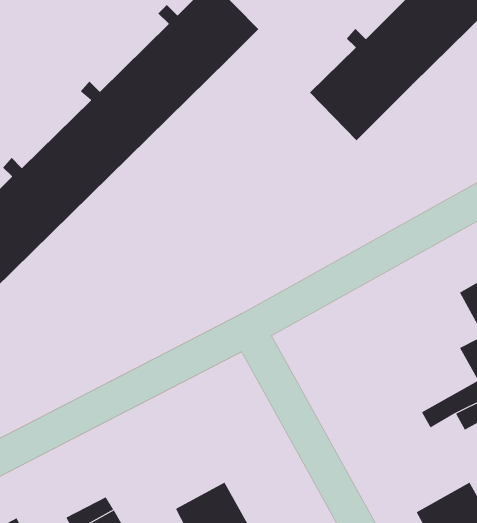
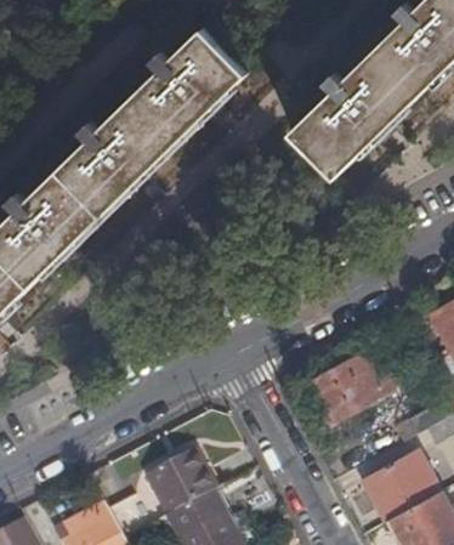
building: none -> [306,350,392,426]
building: none -> [148,450,217,516]
building: none -> [362,453,439,522]

